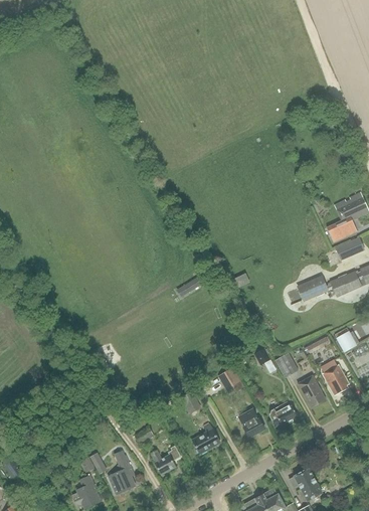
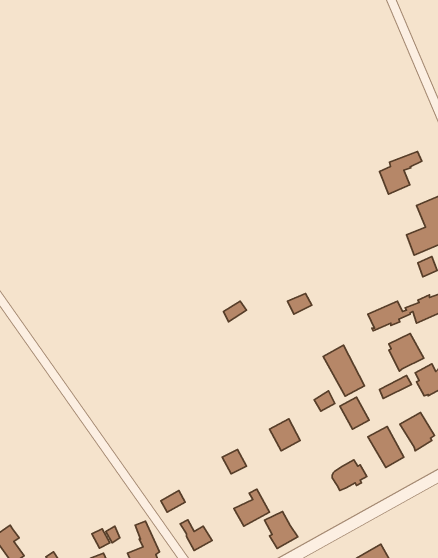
building: none -> [379,151,422,194]
building: none -> [389,333,424,371]
building: none -> [323,345,365,396]
building: [238,408,264,438] -> [265,511,298,548]

